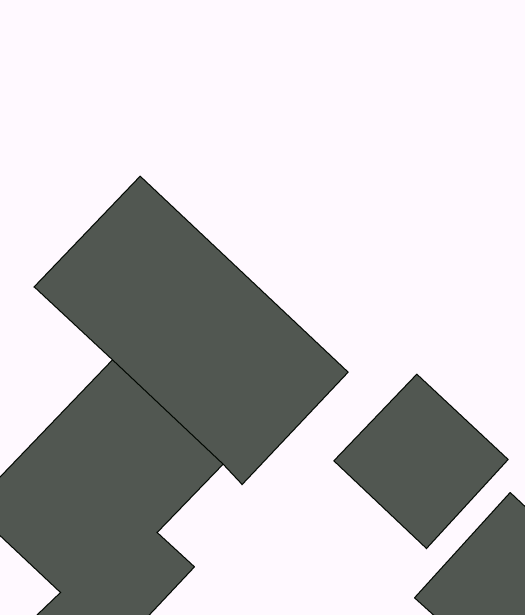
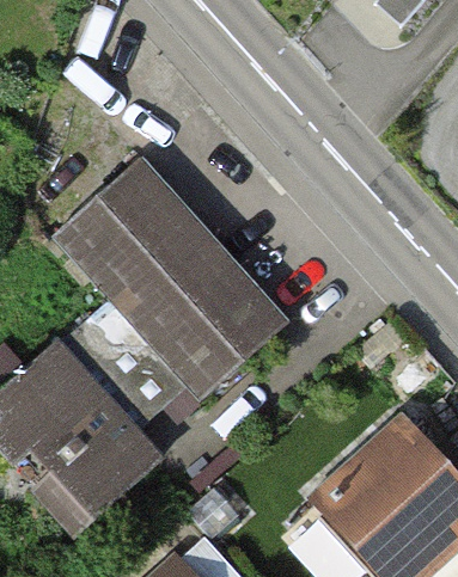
building: [334,374,508,549] -> none

